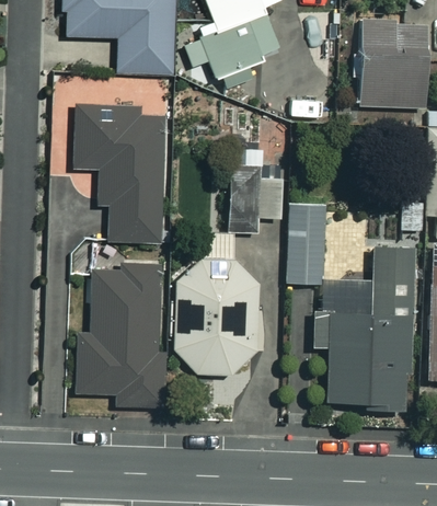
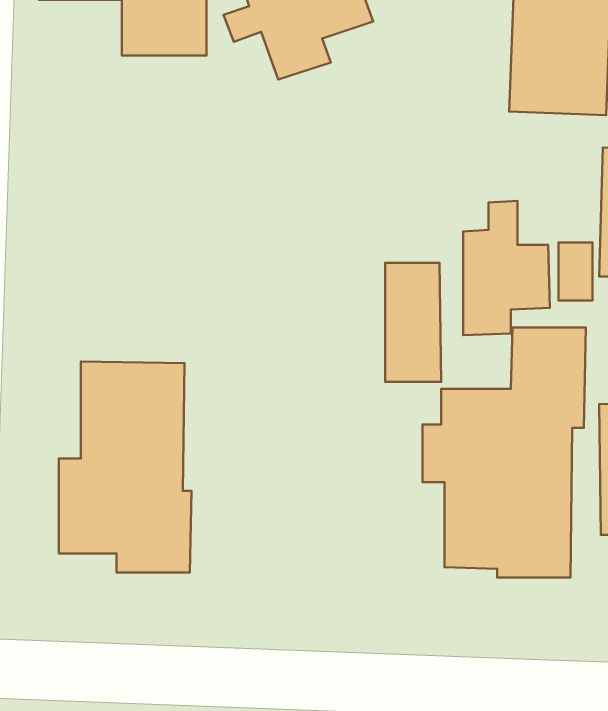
building: [85,106,175,241] -> none
building: [227,148,283,234] -> [463,201,550,335]
building: [172,239,258,375] -> none

